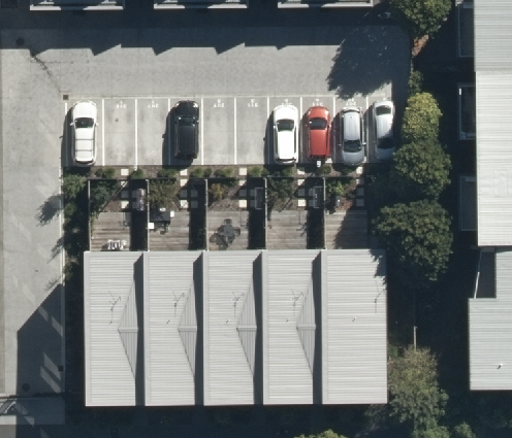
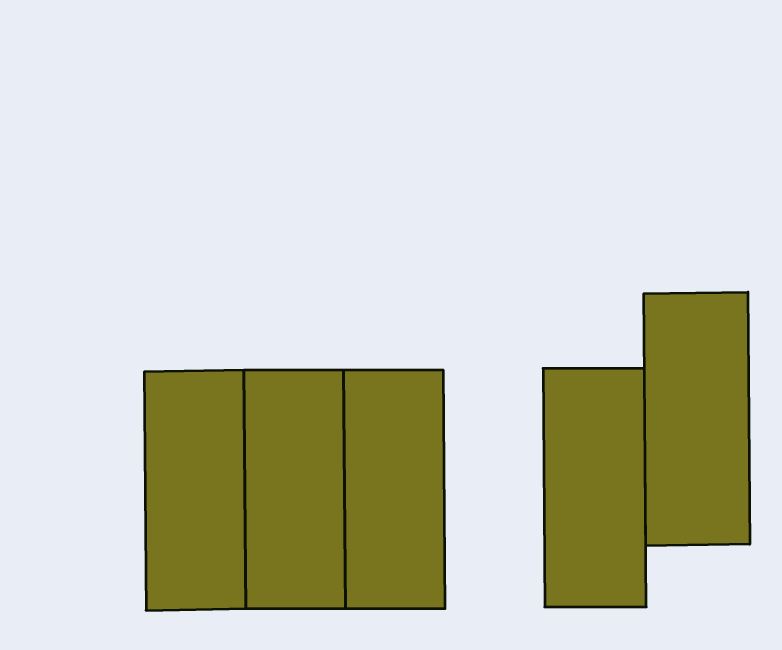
building: none -> [644,292,750,546]
building: [266,248,325,388] -> none

